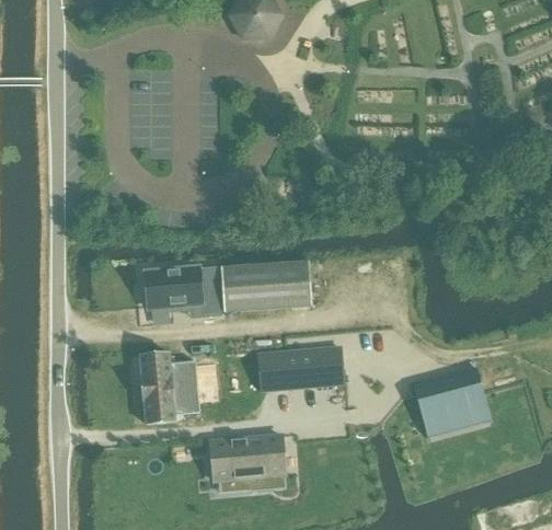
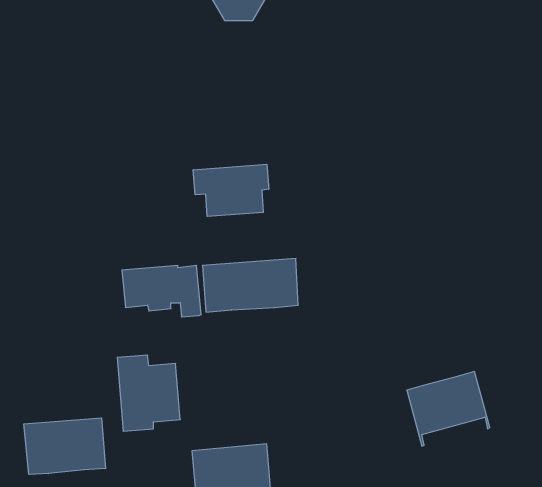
building: none -> [193,164,269,216]
building: [257,347,343,390] -> none
building: none -> [24,418,105,474]

